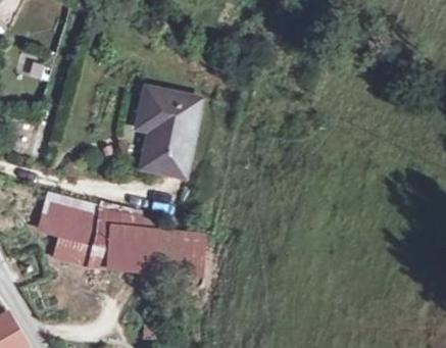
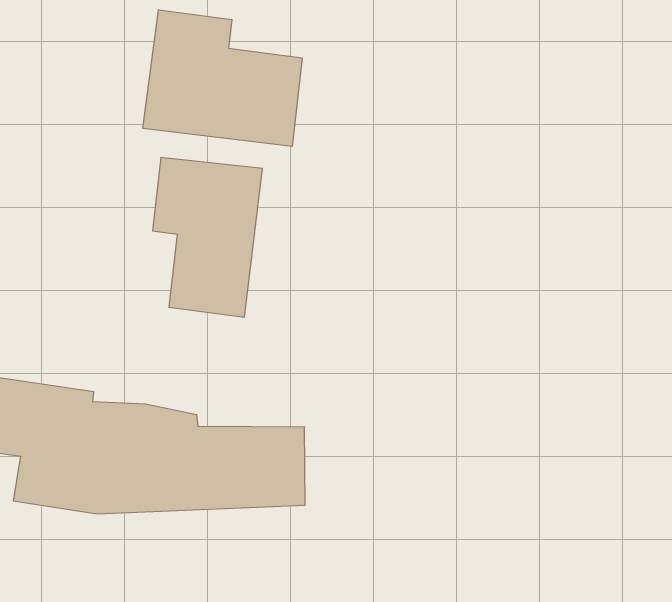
building: none -> [143,10,302,147]

